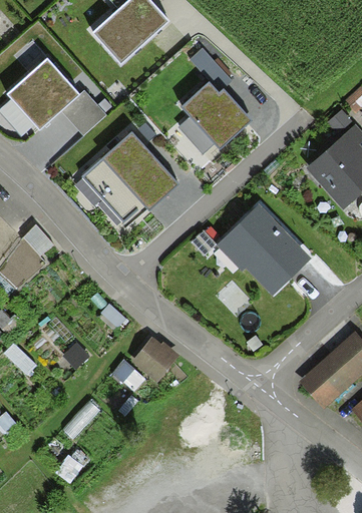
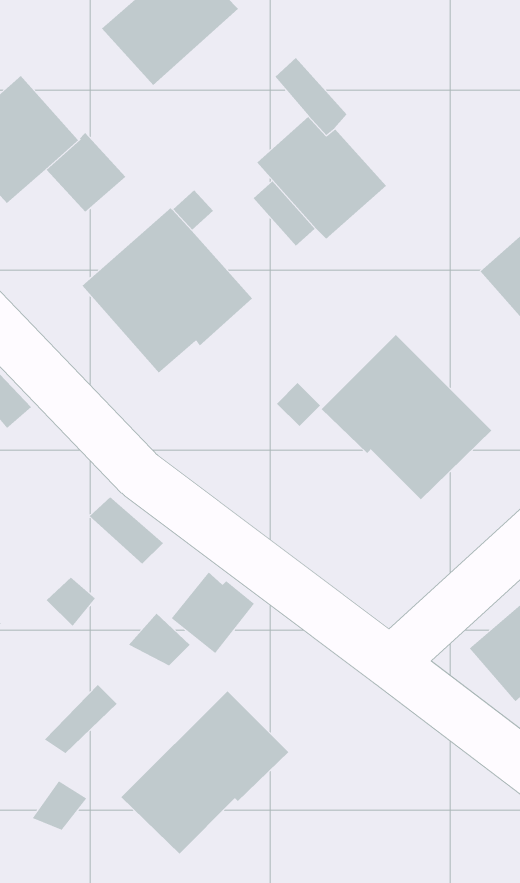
building: none -> [121,690,289,854]

